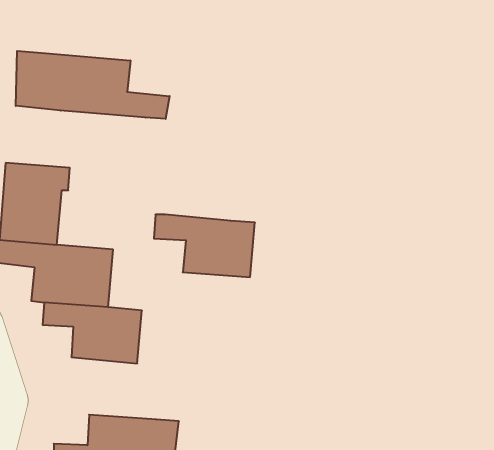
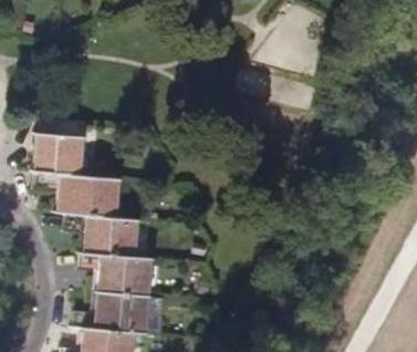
building: [16,51,170,119] -> none
building: [154,215,255,277] -> [79,255,148,298]

